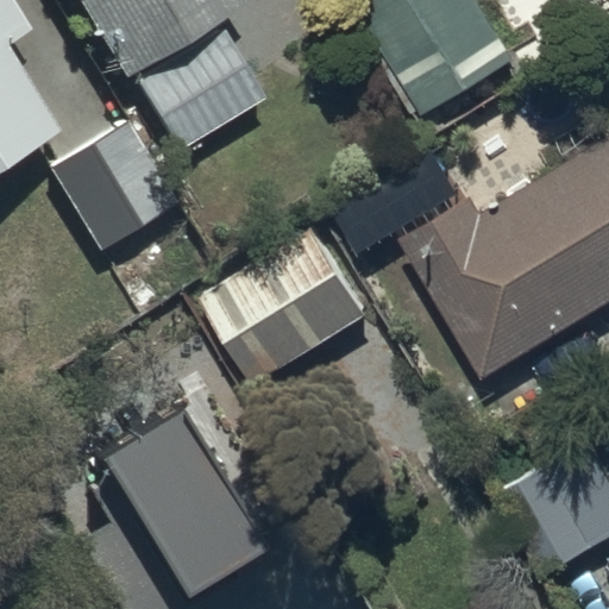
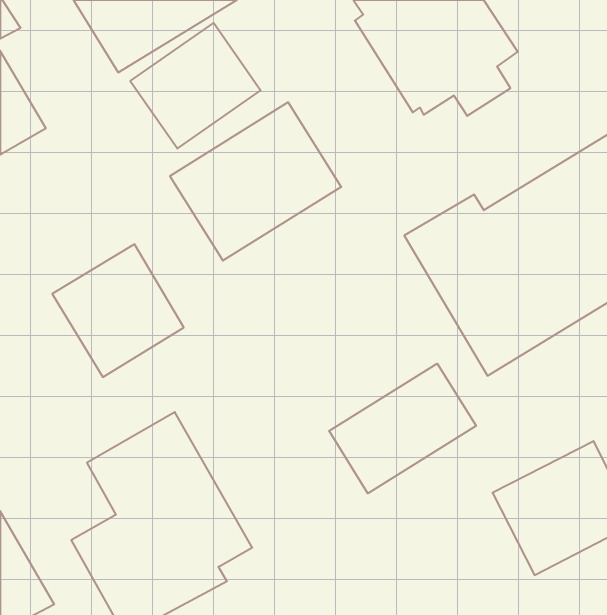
building: [49,121,178,252] -> [52,244,184,377]
building: [206,226,375,382] -> [170,102,341,261]
building: none -> [329,364,476,493]

